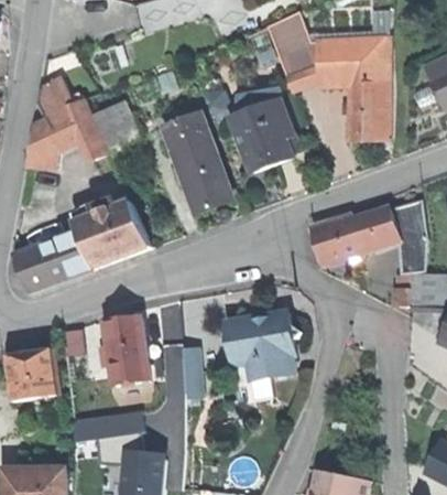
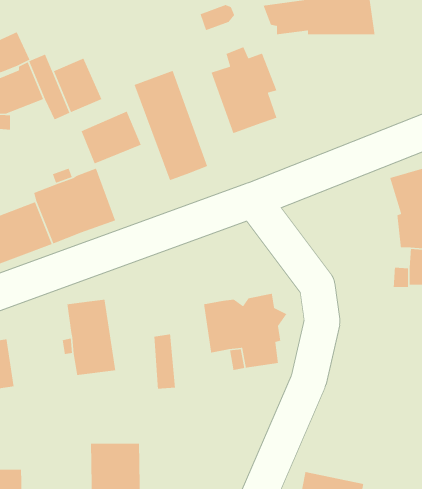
building: [347,83,388,140] -> none
building: none -> [80,111,142,164]
building: [309,209,400,265] -> none
building: [77,409,146,437] -> none

